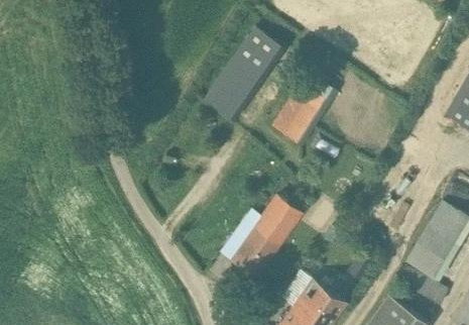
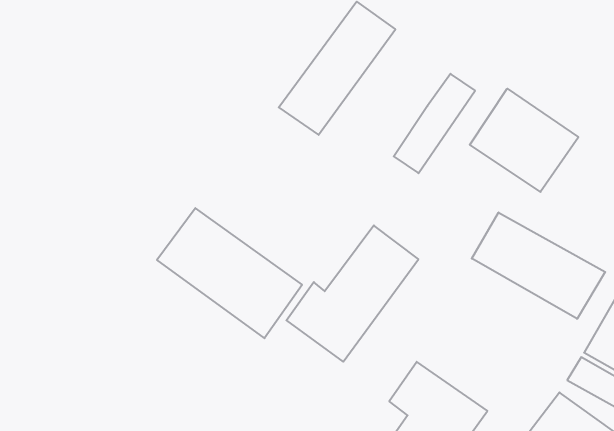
building: none -> [470,89,578,192]
building: none -> [157,208,302,338]
building: none -> [472,212,605,319]

